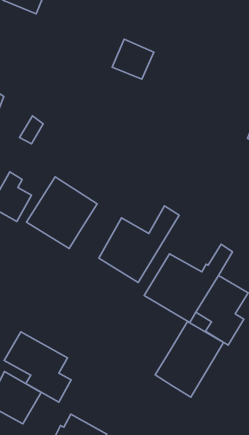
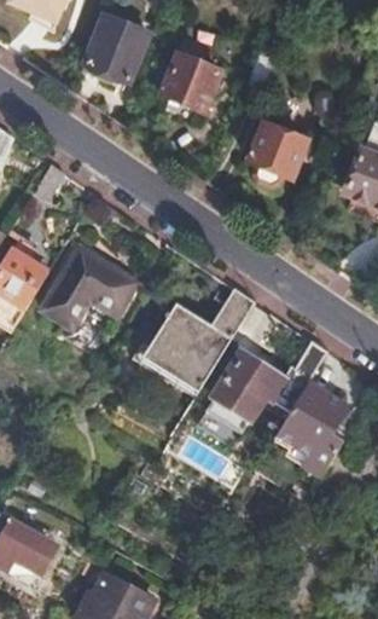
building: none -> [89,16,150,73]
building: none -> [250,125,304,175]
building: [155,321,224,397] -> none
building: [4,332,71,402] -> none

